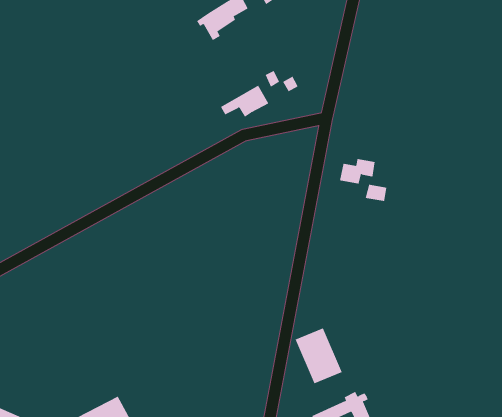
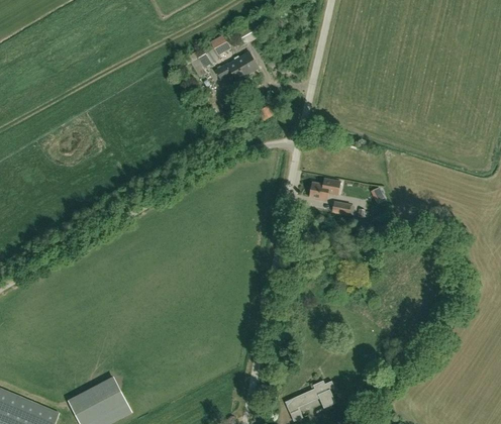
building: [220,85,269,117] -> [216,51,259,80]
building: [295,327,342,384] -> none

